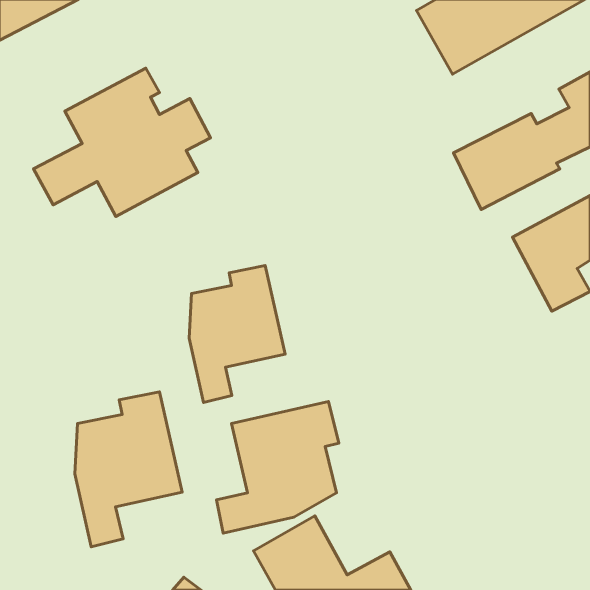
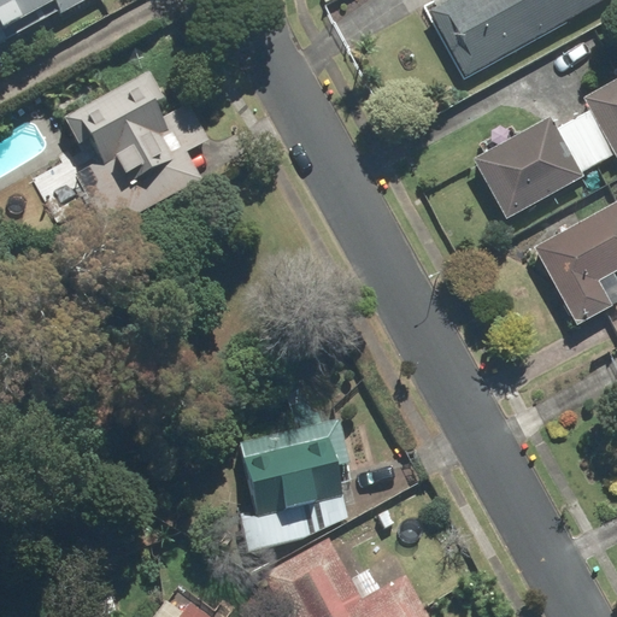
building: [189,265,285,403] -> none
building: [75,392,182,547] -> none

